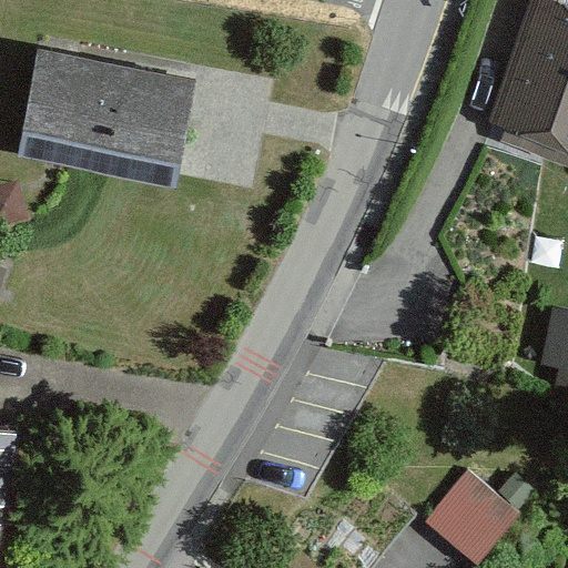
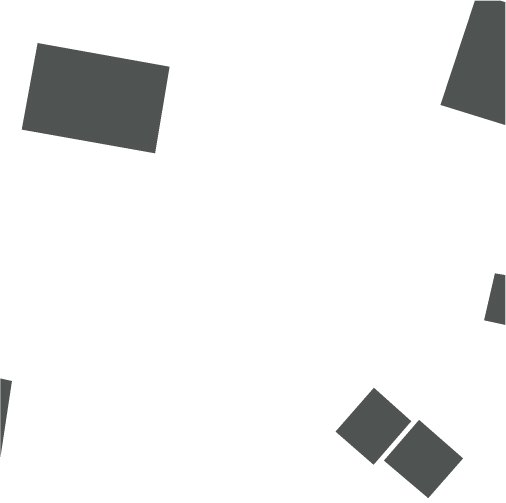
building: none -> [334,387,412,466]

